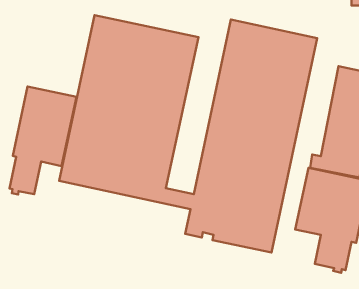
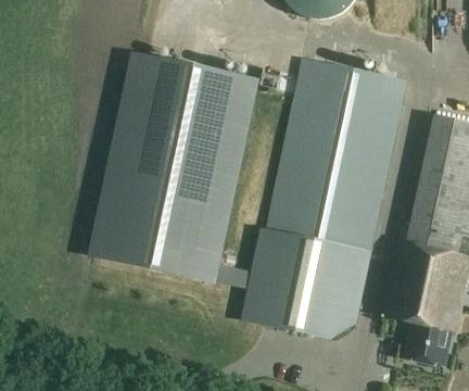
building: [10,87,76,194] -> none

